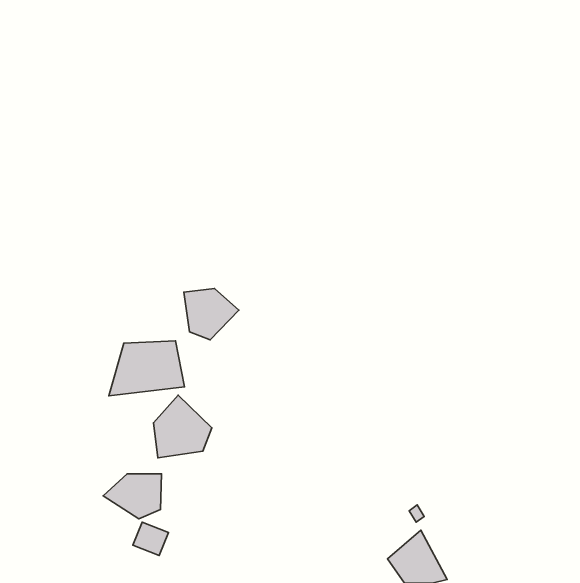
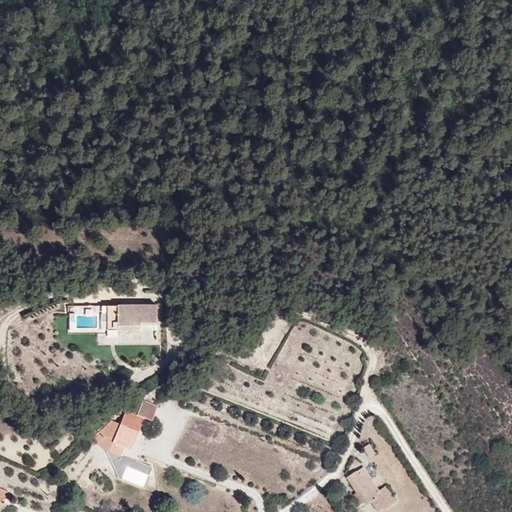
building: [184,288,239,340] -> none
building: [154,395,212,458] -> none

